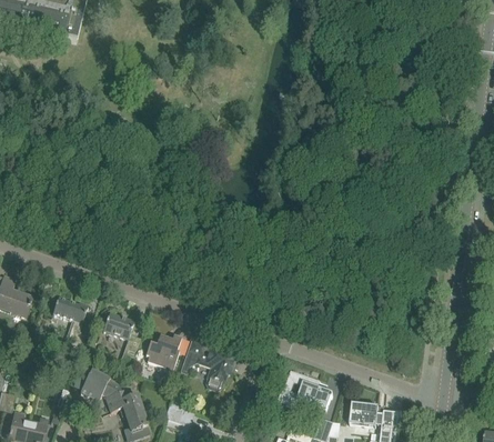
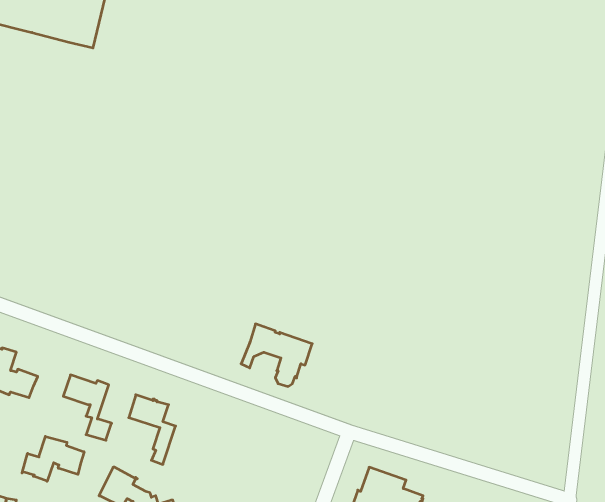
building: [145,334,181,372] -> none
building: [180,340,235,389] -> [241,324,312,386]
building: none -> [22,436,84,481]

